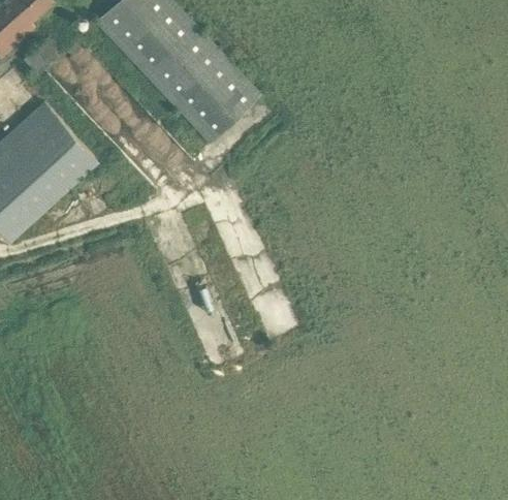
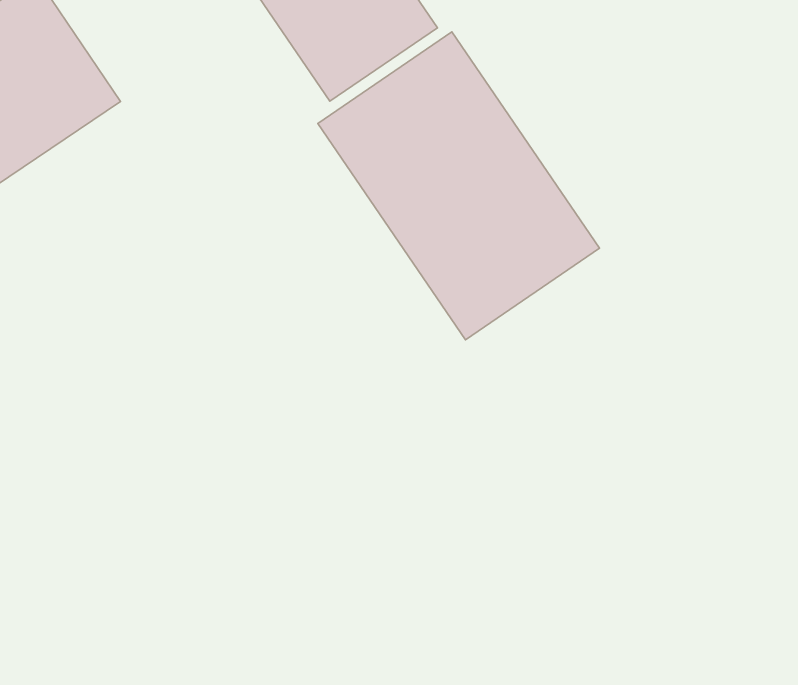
building: none -> [318,32,599,340]

